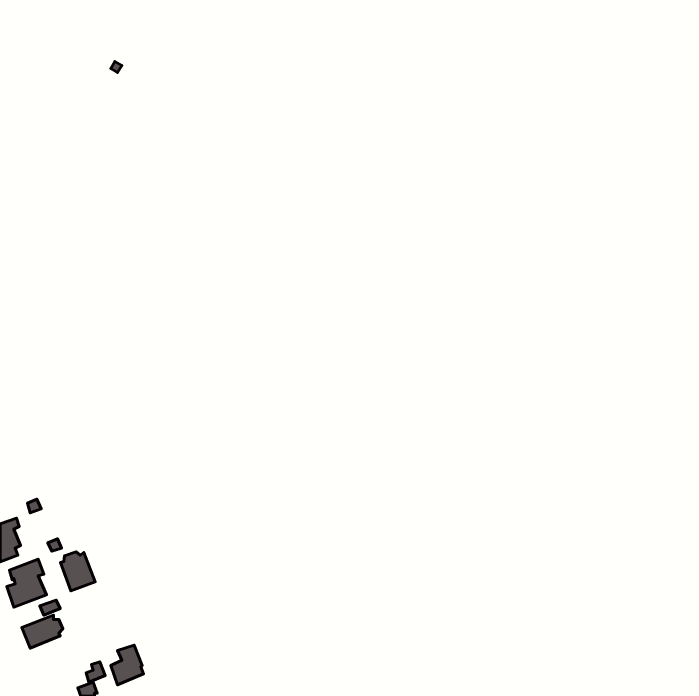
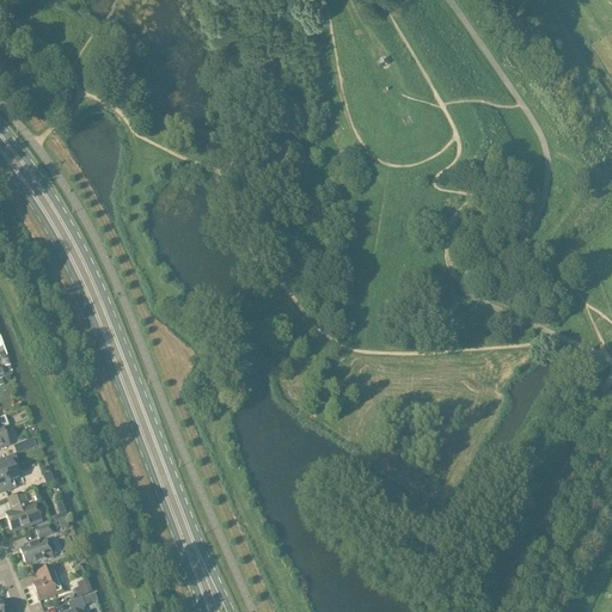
building: [60,552,95,591] -> none
building: [111,645,144,685] -> [32,565,61,600]

